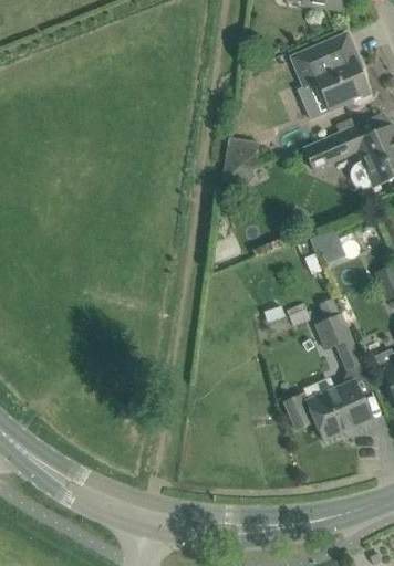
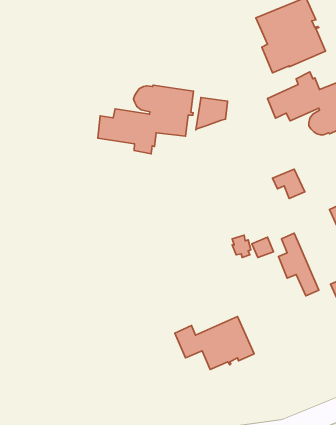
building: none -> [98,85,194,154]
building: [282,379,372,439] -> [175,317,254,370]

